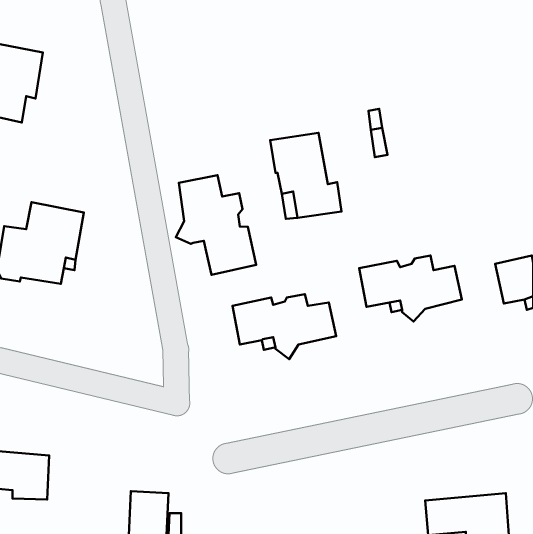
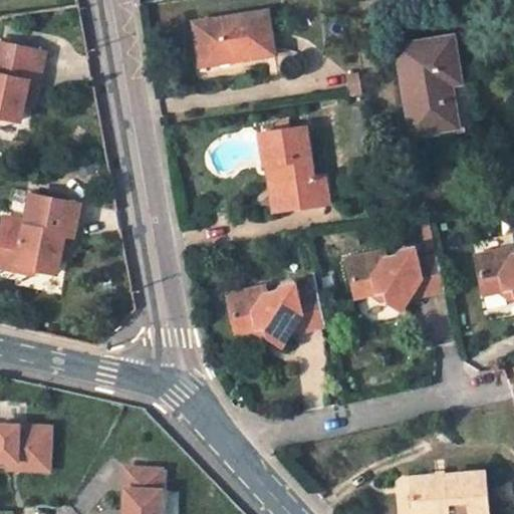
building: none -> [193,11,273,66]
building: none -> [397,37,460,135]
building: [176,175,256,275] -> none

